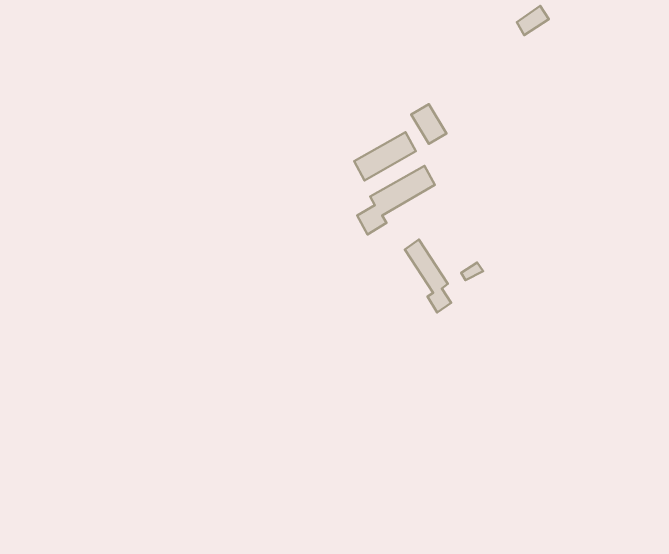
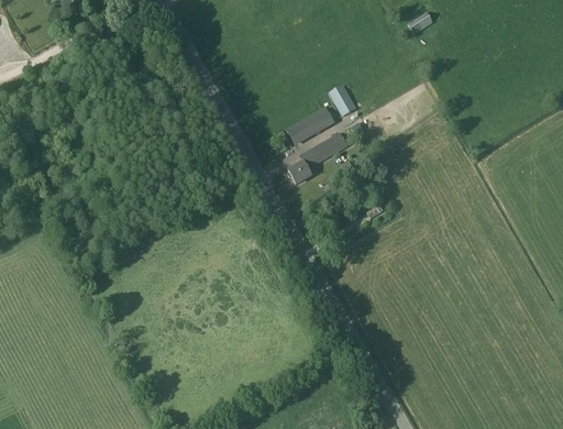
building: [405,240,451,313] -> none

